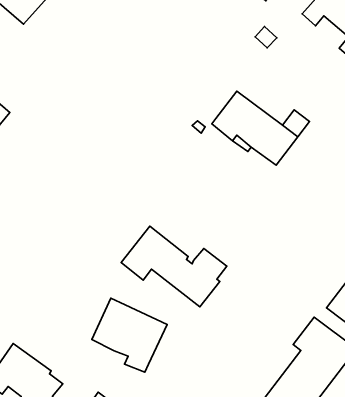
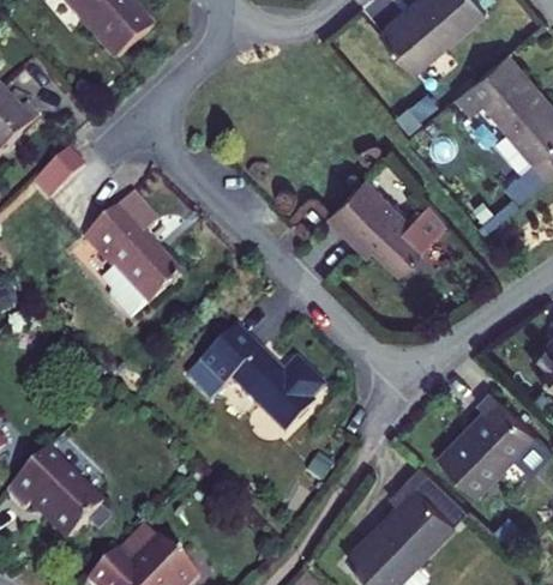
building: none -> [82,195,179,307]
building: [92,298,167,372] -> none

